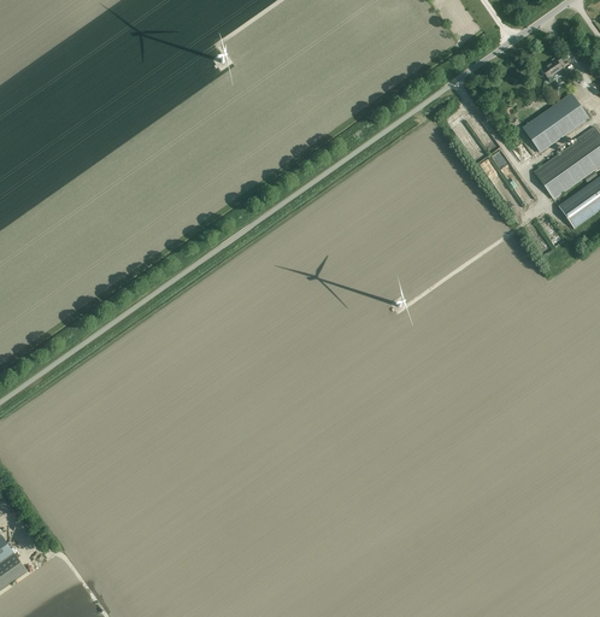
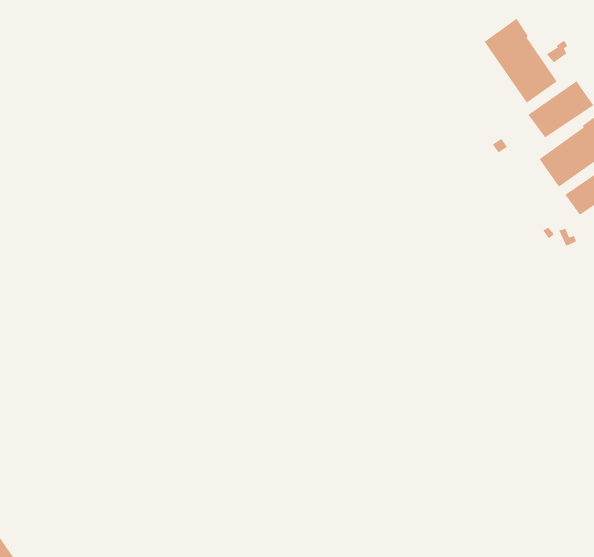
building: none -> [484,18,557,103]

